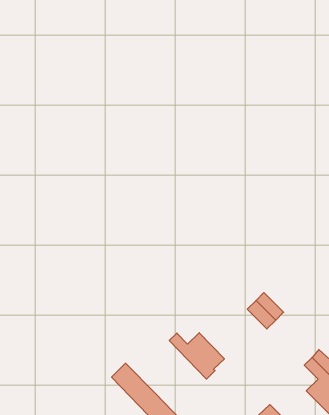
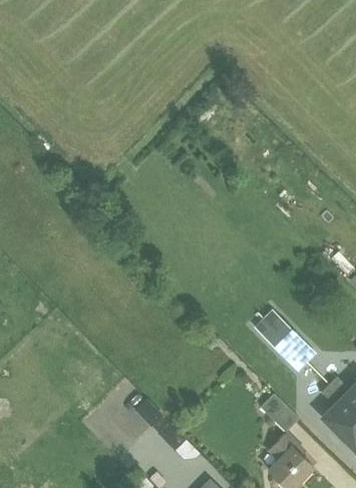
building: [169,333,224,379] -> none
building: none -> [261,394,299,433]

